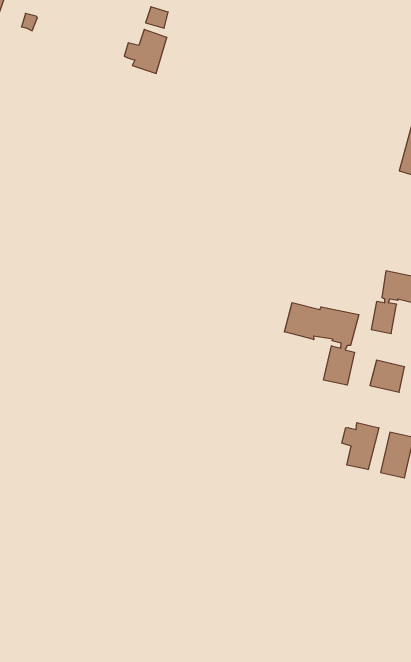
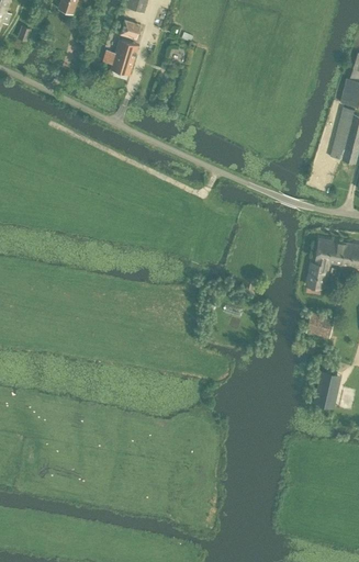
building: [284,303,359,385] -> none
building: [342,423,379,470] -> none

